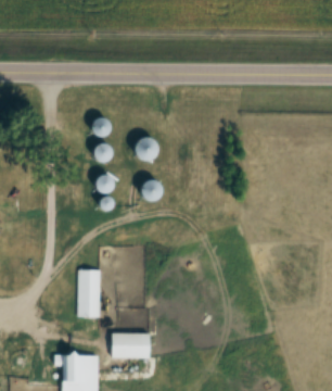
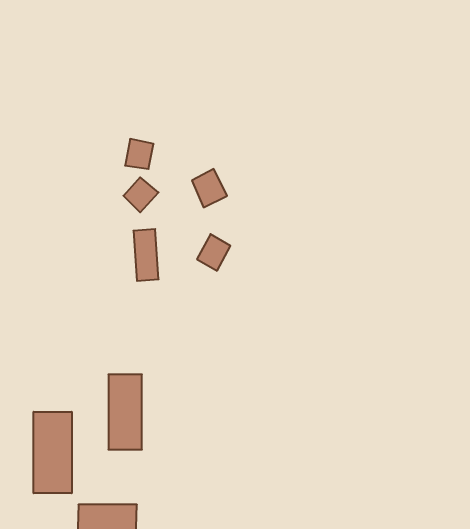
building: none -> [34,412,72,493]
building: [108,332,148,358] -> none

